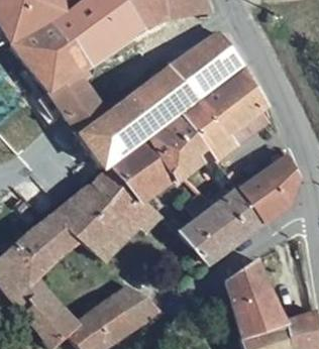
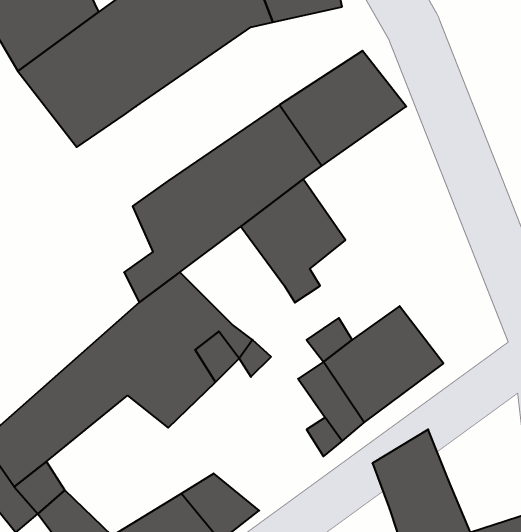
building: [47,69,102,131] -> none
building: [183,69,265,159] -> none
building: [109,140,172,199] -> none
building: [240,154,301,222] -> none

